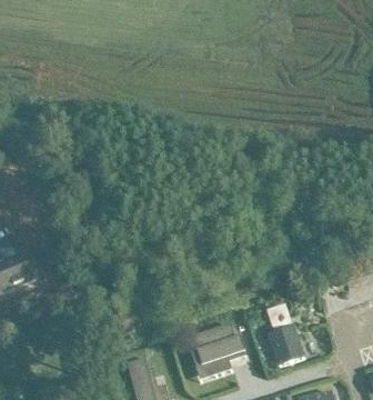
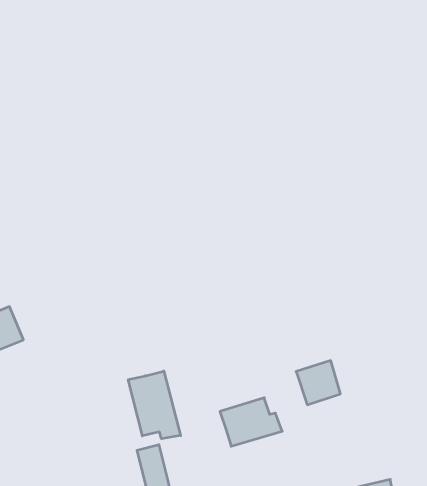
building: none -> [128,371,181,439]
building: [268,323,305,366] -> none

